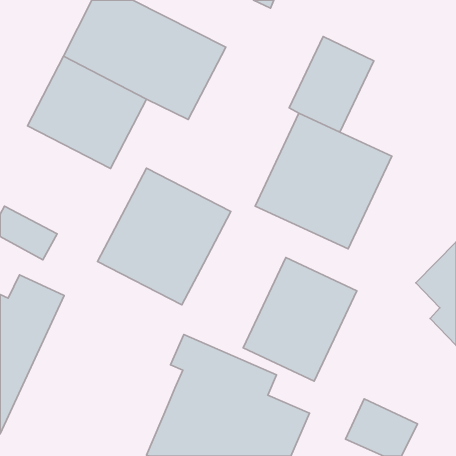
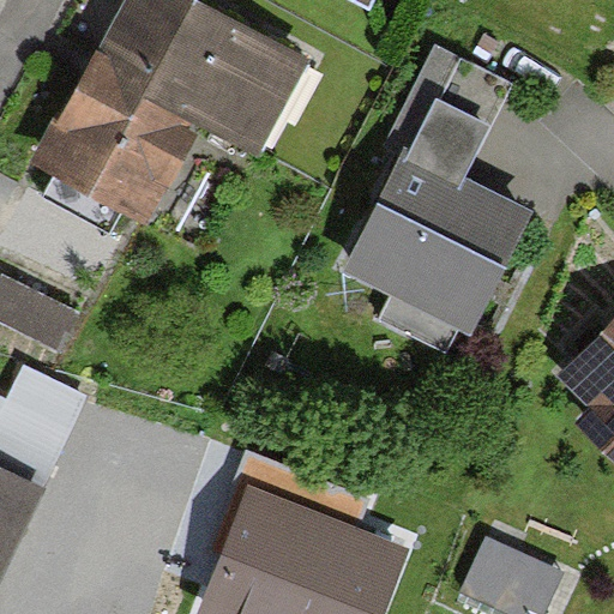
building: [97,168,231,305] -> none
building: [243,257,357,381] -> none

